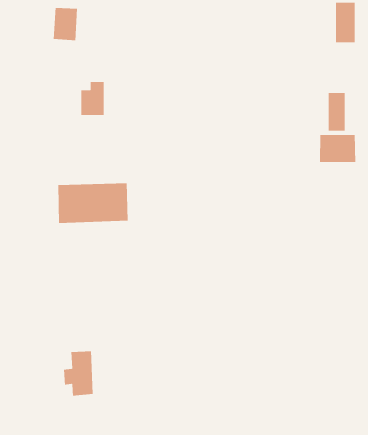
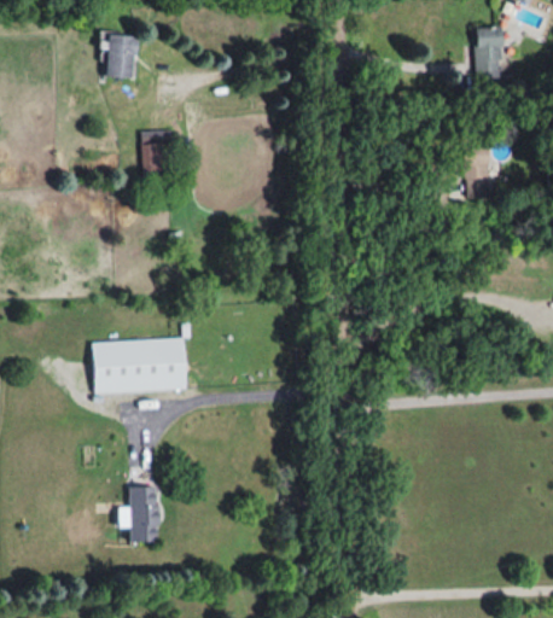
building: [319,134,356,163] -> none
building: [57,183,128,224] -> [92,339,185,392]

